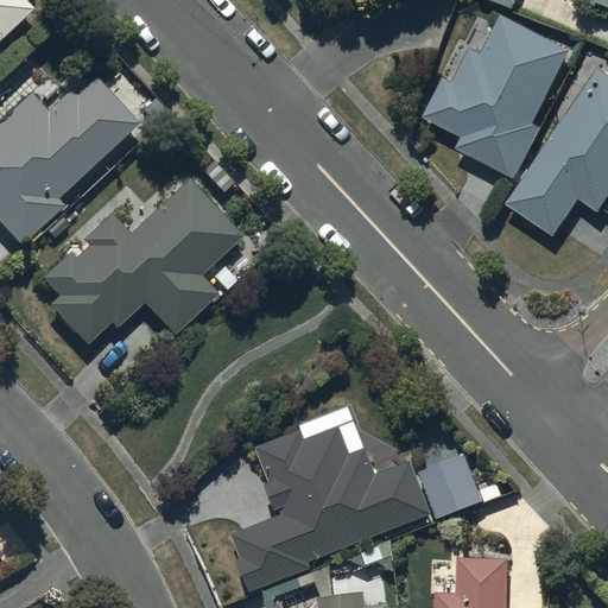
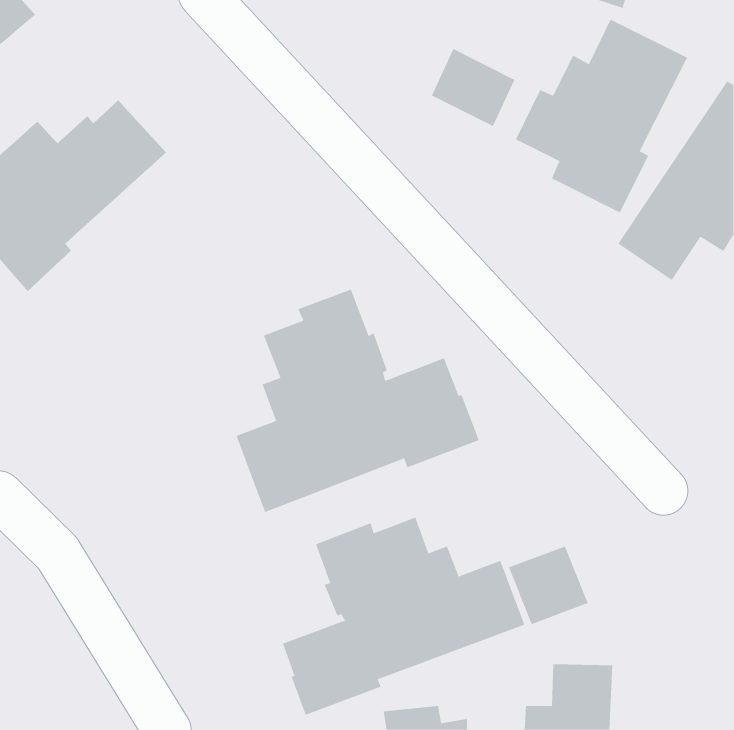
building: none -> [431,48,515,127]
building: [48,189,234,342] -> none
building: none -> [236,289,479,513]

